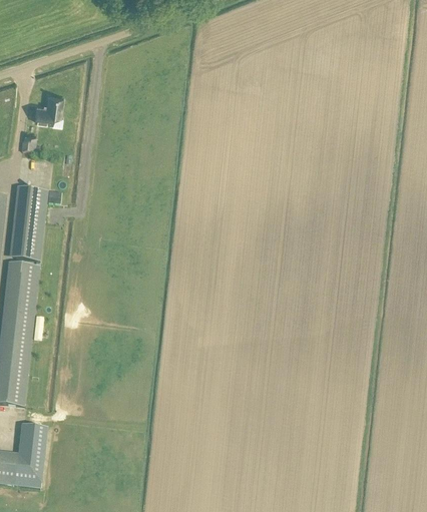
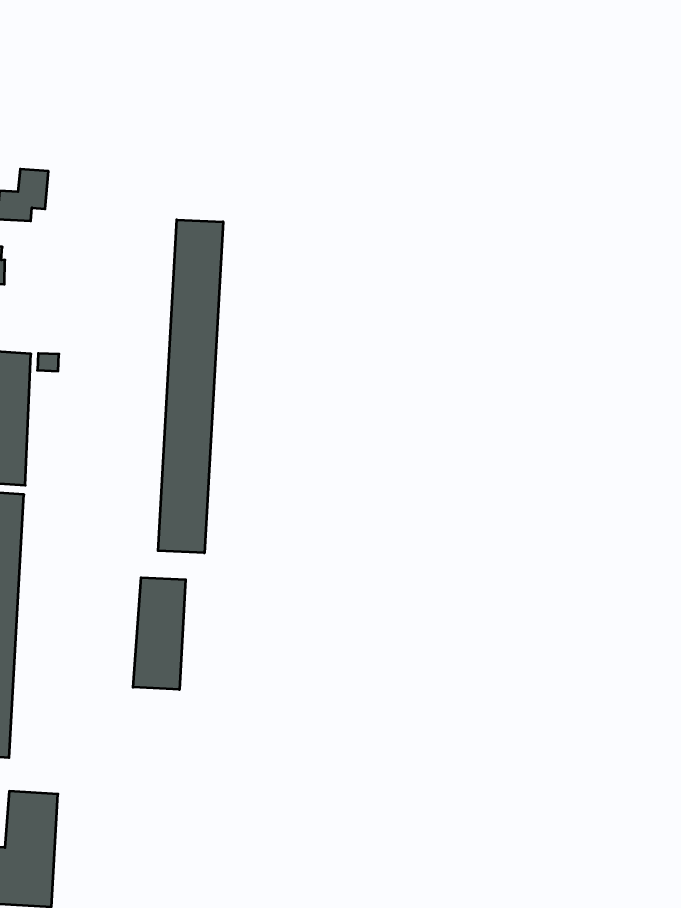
building: none -> [158,220,223,553]
building: none -> [133,578,186,690]

